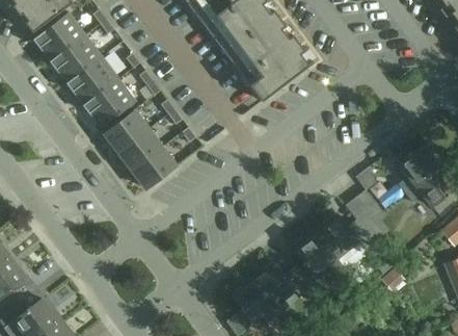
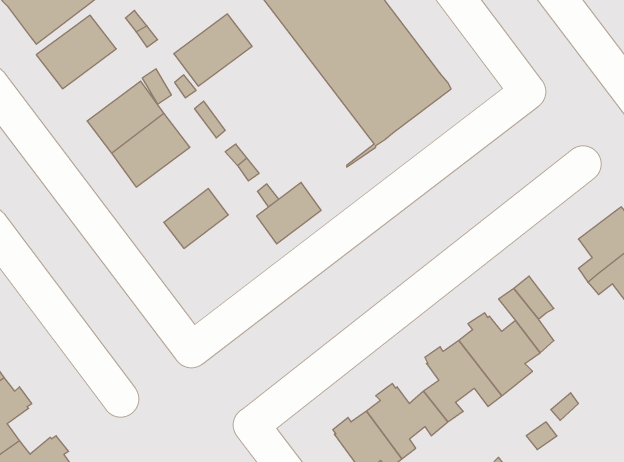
building: [50,34,103,83] -> [174,14,252,86]
building: [104,110,149,152] -> none
building: [132,147,176,188] -> [257,182,321,244]

